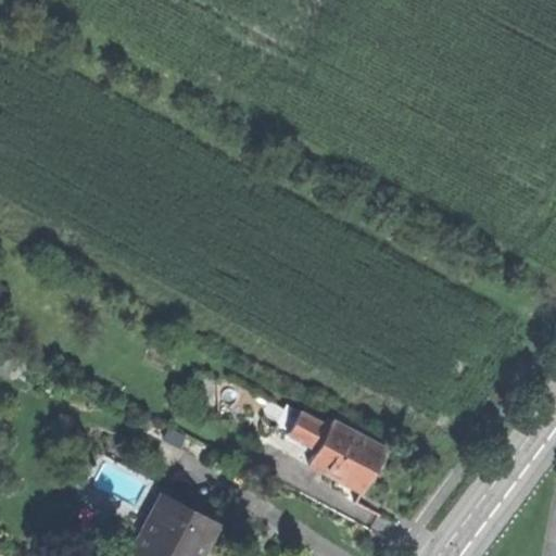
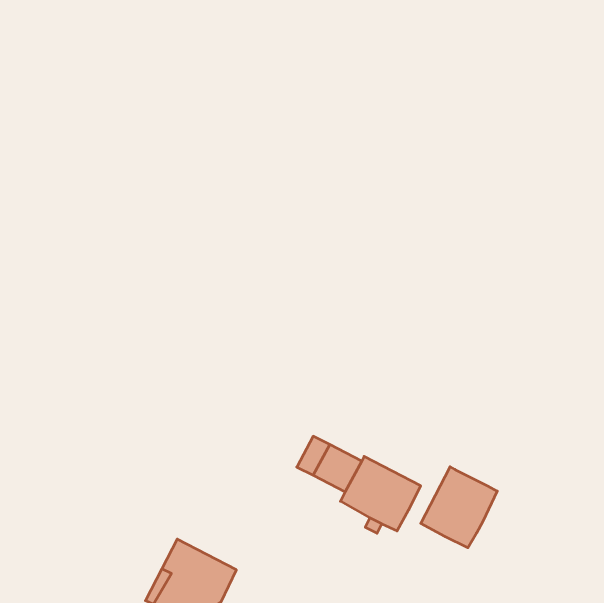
building: none -> [421,467,497,548]

